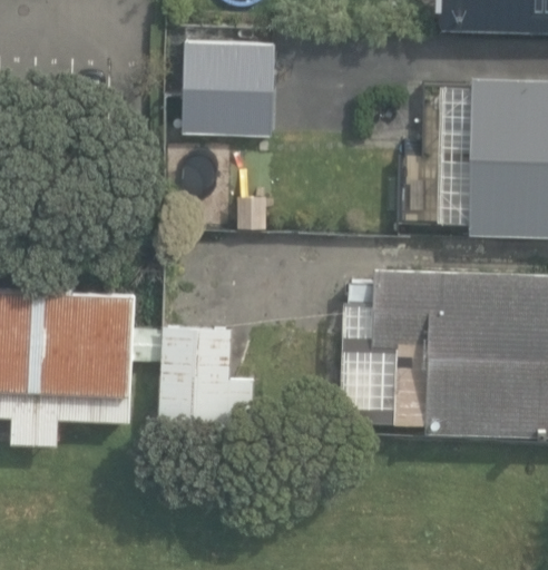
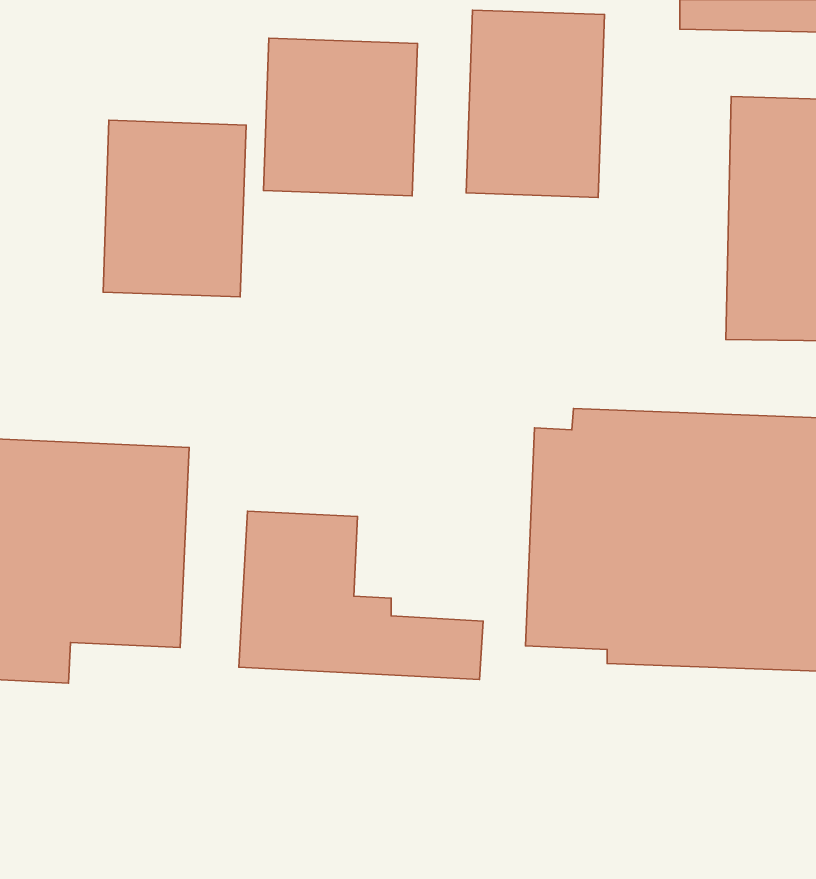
building: none -> [466,10,605,197]
building: none -> [103,120,246,297]

